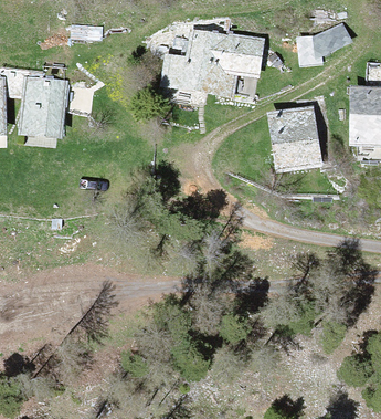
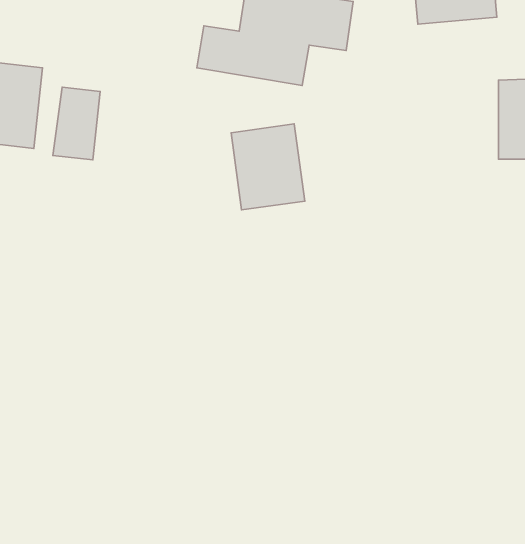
building: none -> [53,87,100,160]
building: [273,109,319,164] -> [231,124,305,210]

